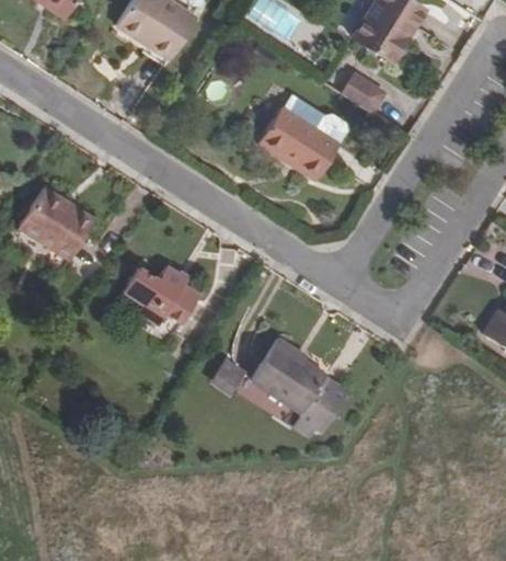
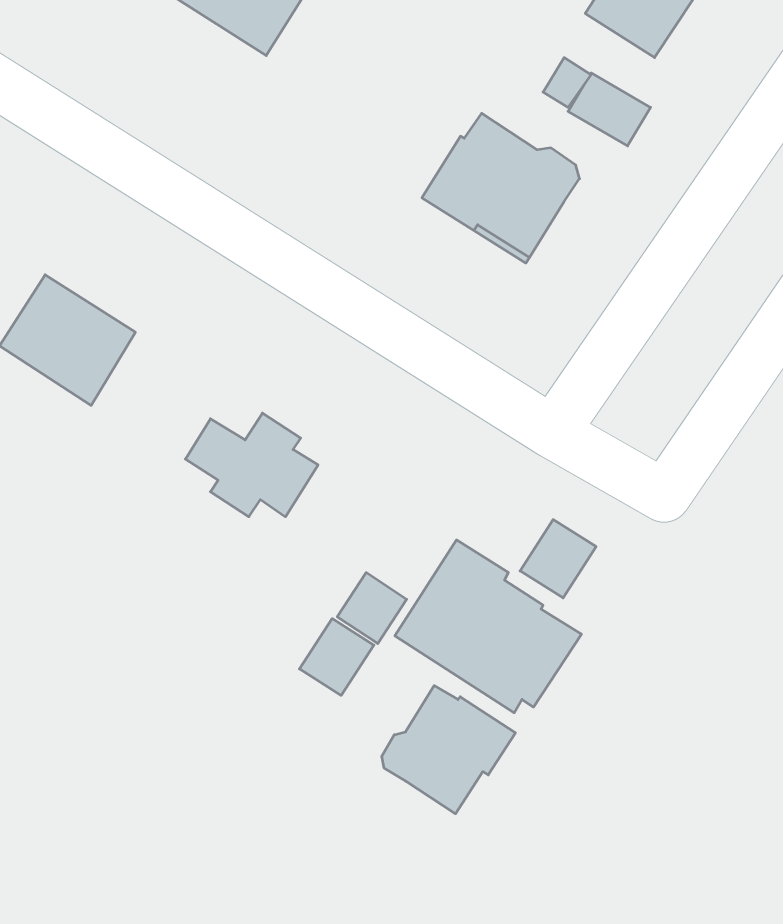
building: none -> [520,520,596,598]
building: none -> [299,619,374,695]
building: none -> [382,686,515,814]

